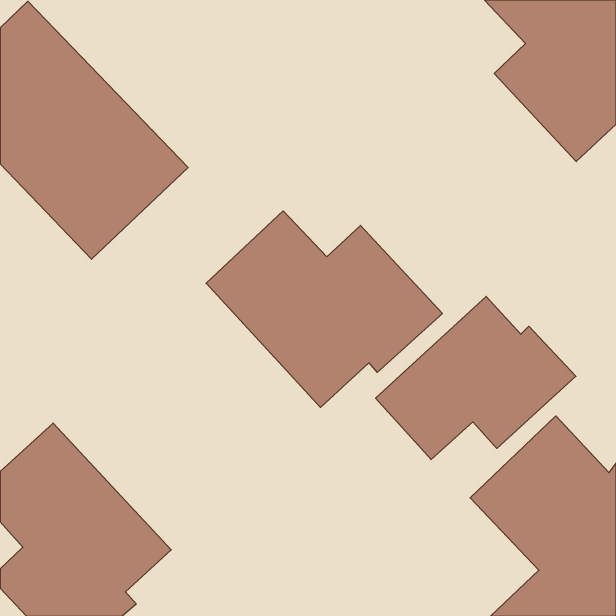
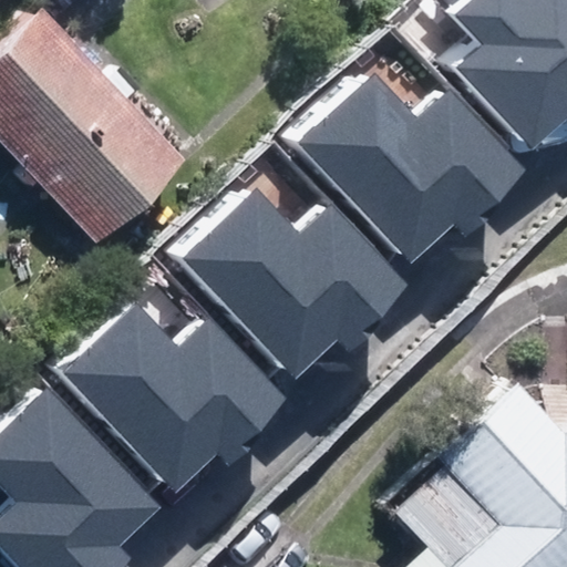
building: none -> [300,75,523,259]
building: [376,296,576,460] -> none
building: none -> [66,307,284,487]

